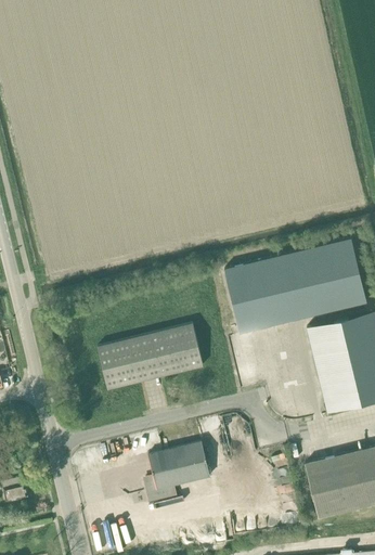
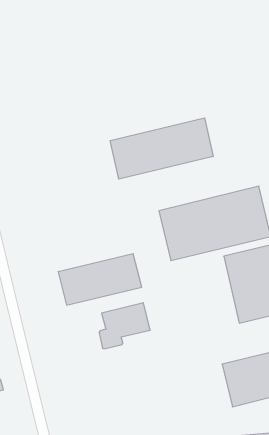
building: none -> [110,118,213,179]
building: [144,442,209,501] -> [99,303,150,349]

